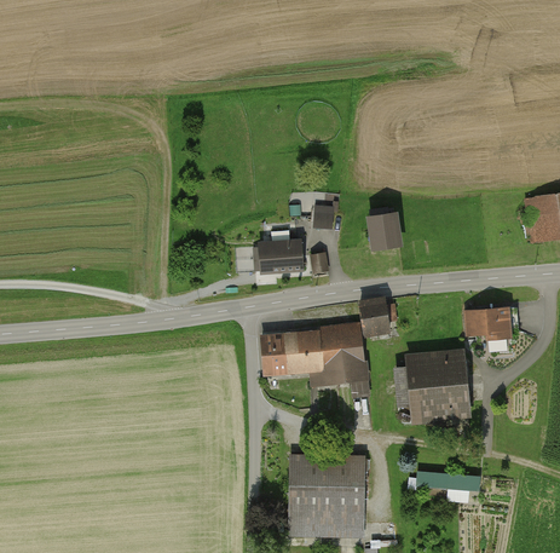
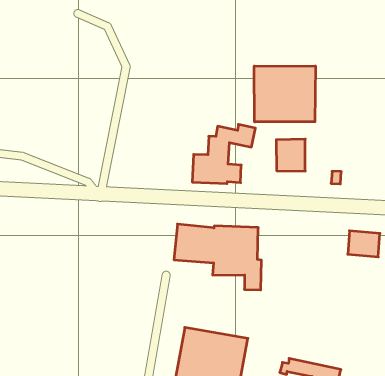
building: none -> [254,66,315,122]
building: [357,299,399,339] -> none
building: [393,348,474,425] -> none

